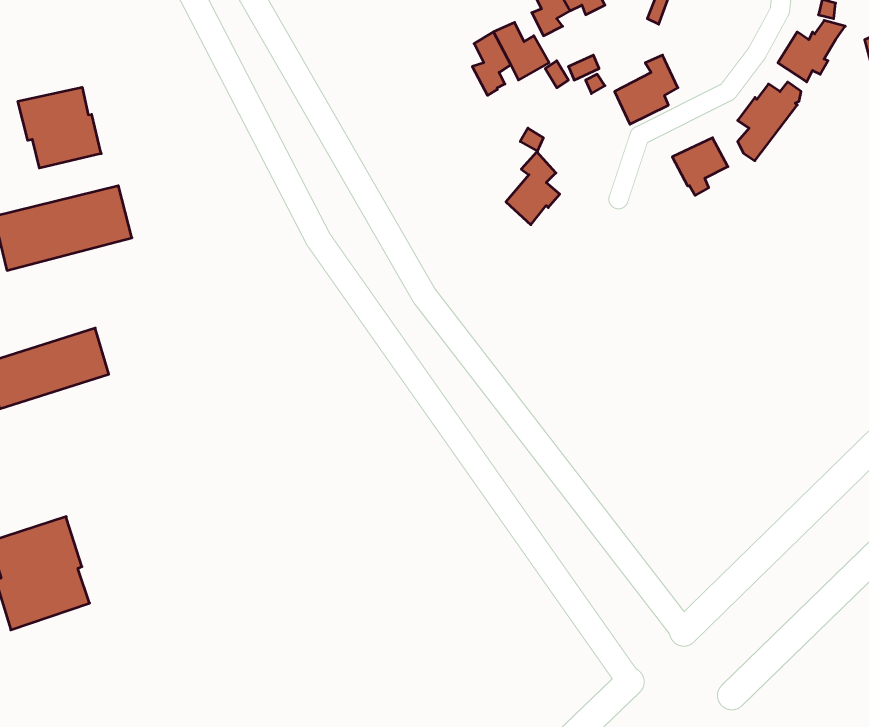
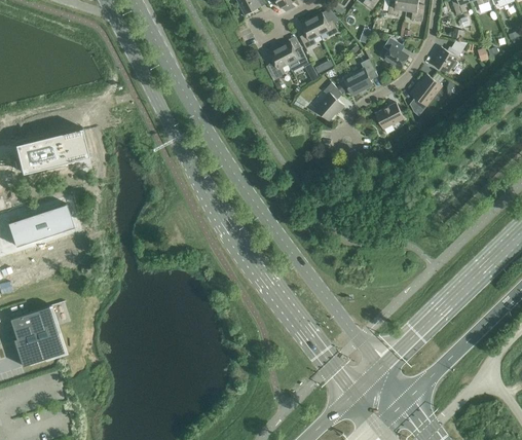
building: none -> [383,37,408,68]
building: [18,87,101,168] -> none
building: [506,152,560,225] -> [314,82,343,121]

